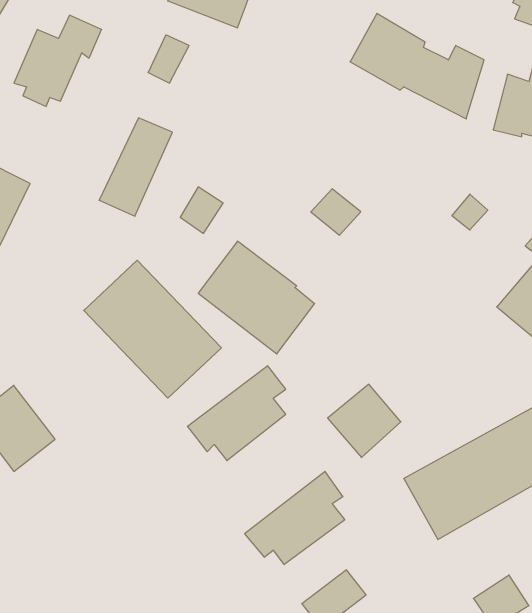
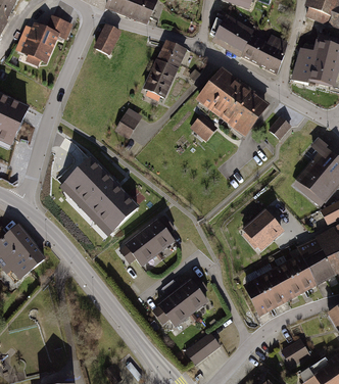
building: [99,118,172,216] -> [145,41,187,97]
building: [198,241,315,354] -> [198,68,264,133]
building: [328,384,401,458] -> [242,210,284,252]

